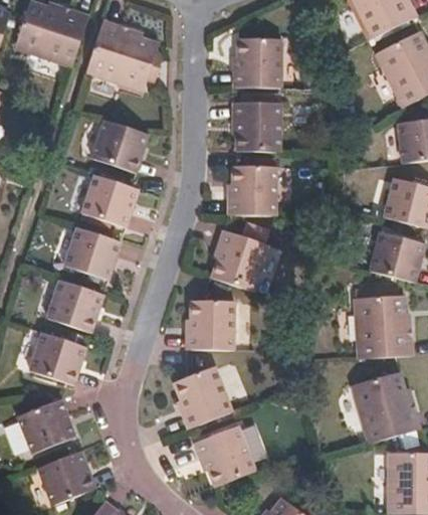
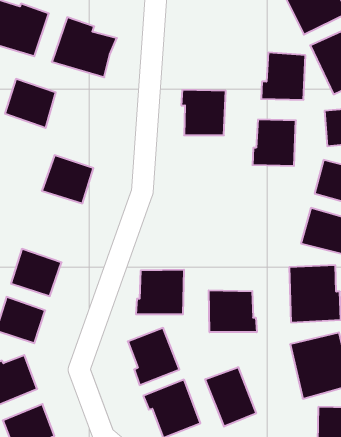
building: [236,35,285,88] -> [261,53,305,100]
building: [90,119,147,173] -> [5,79,56,128]
building: [230,165,278,216] -> [252,120,296,166]
building: [62,227,119,280] -> none
building: [210,230,270,293] -> none
building: none -> [209,290,257,332]
building: none -> [205,367,256,427]

